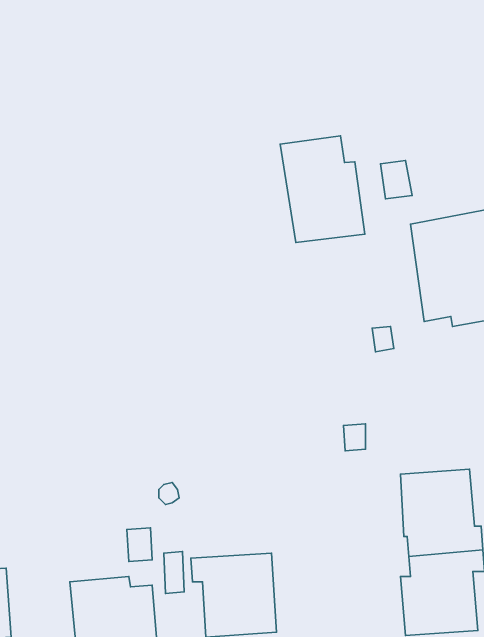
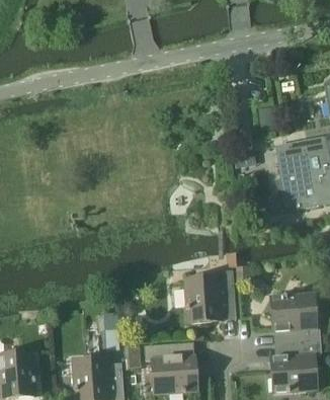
building: [280,136,365,243] -> none
building: none -> [184,268,236,322]

